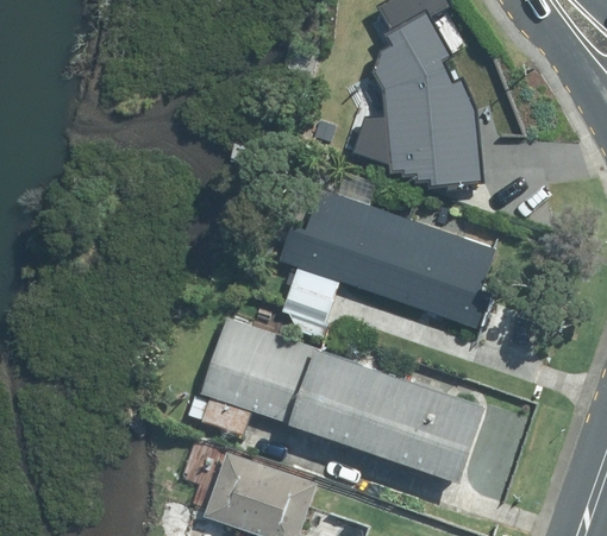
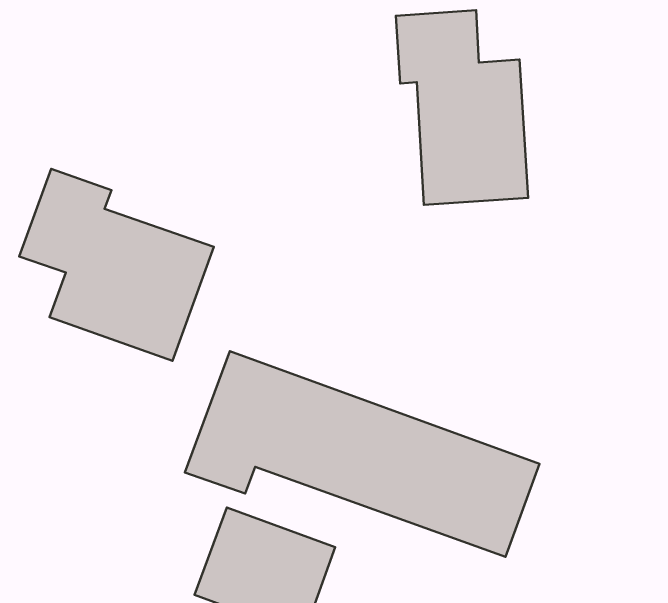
building: none -> [19,169,214,361]
building: [273,171,518,346] -> none

